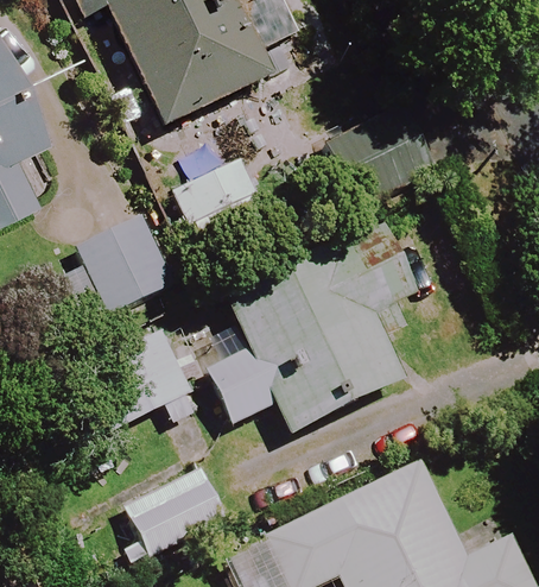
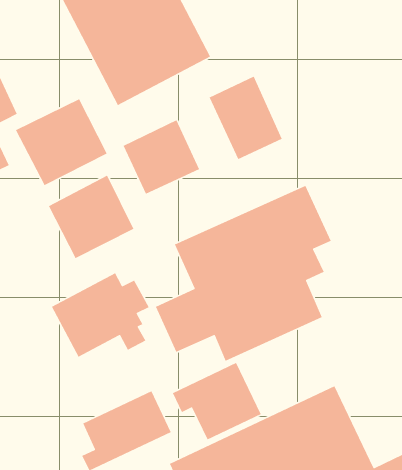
building: none -> [209,76,283,160]
building: none -> [15,98,108,186]
building: none -> [172,362,262,440]

